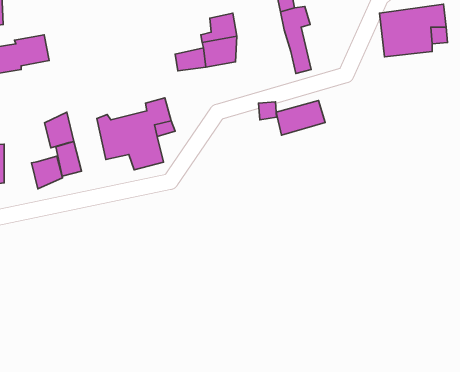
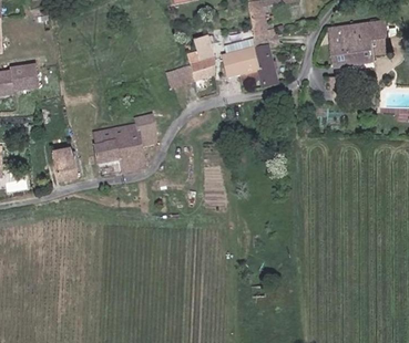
building: [276,100,325,135] -> [209,48,252,77]
building: [44,112,74,148] -> none
building: [31,156,63,189] -> none

